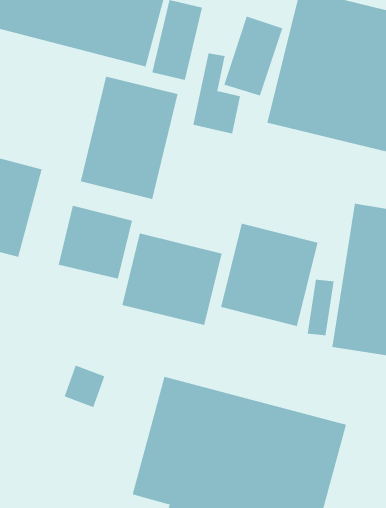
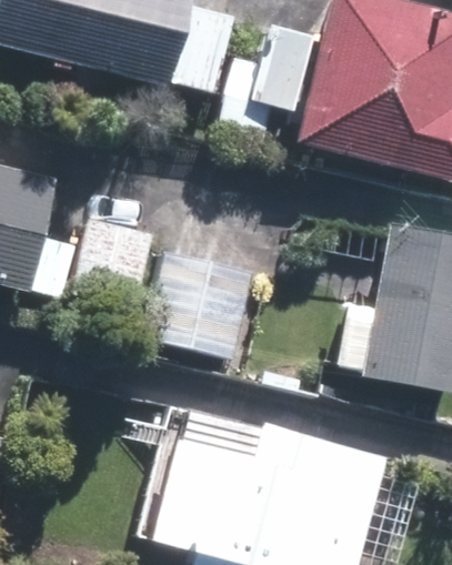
building: [80,76,178,200] -> none
building: [221,223,318,327] -> none

